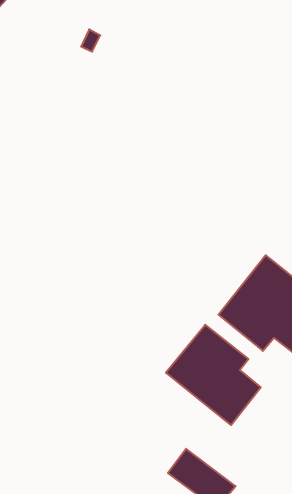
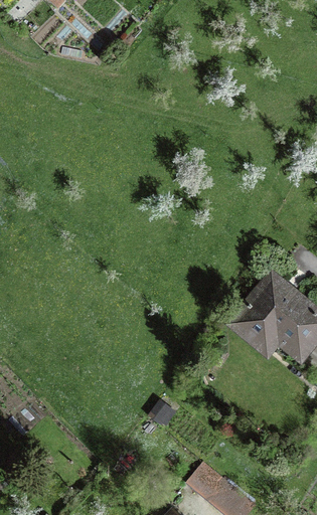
building: [166,325,261,425] -> none

